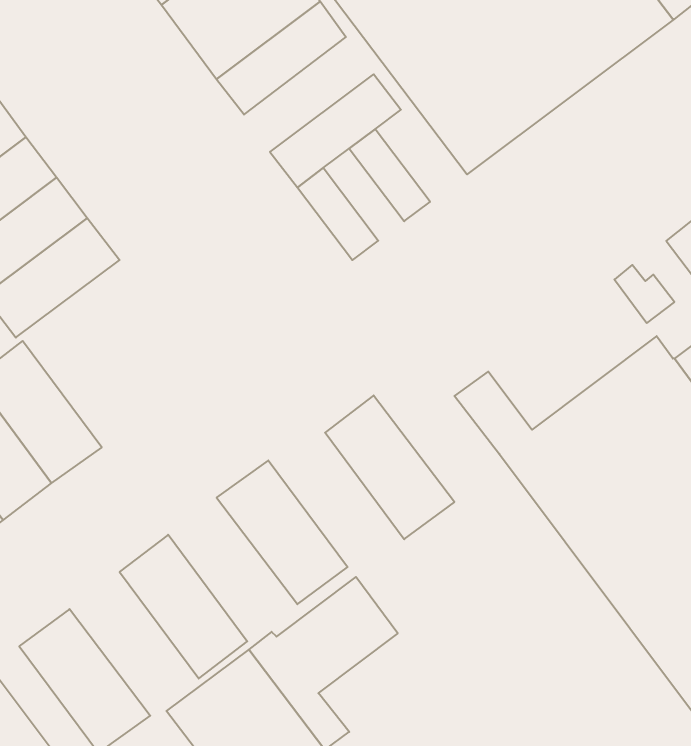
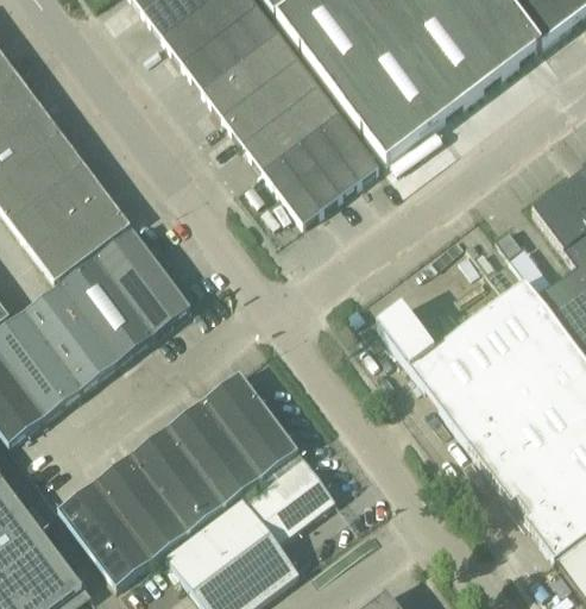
building: none -> [222,59,317,144]
building: none -> [319,113,378,181]
building: none -> [281,142,340,209]
building: none -> [59,228,191,362]
building: [325,395,454,539] -> [166,398,262,504]
building: none -> [94,453,189,559]

